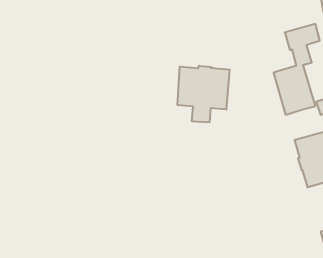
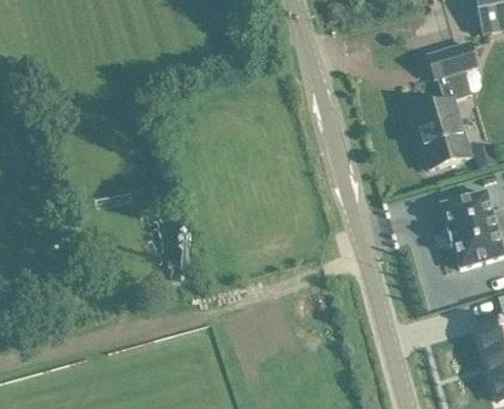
building: [177,66,230,122] -> none

